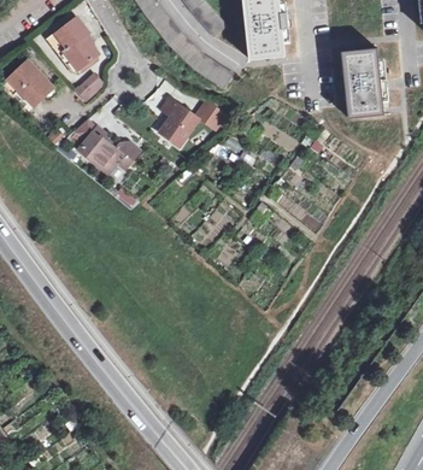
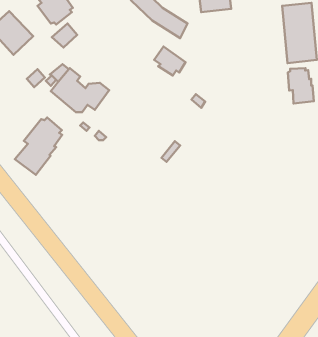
building: [157,94,201,148] -> none
building: none -> [288,68,314,103]
building: none -> [15,117,62,175]

